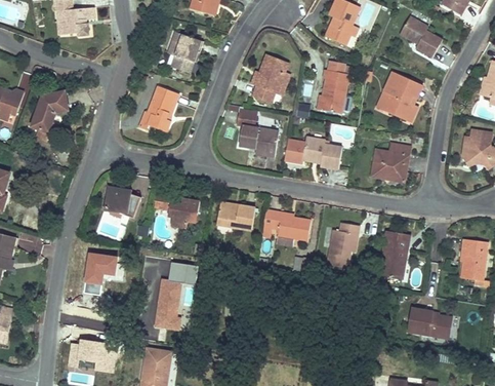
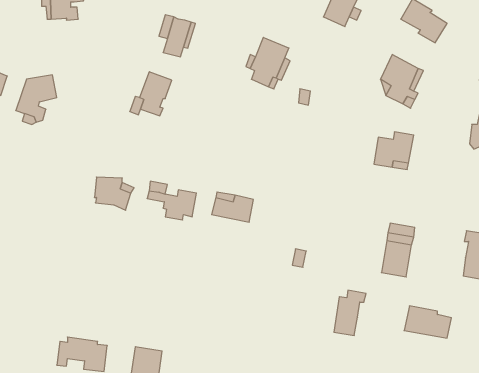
building: [318,61,354,114] -> none
building: [238,110,278,155] -> none
building: [281,137,340,167] -> none
building: [264,208,312,245] -> none
building: [331,223,362,266] -> [334,290,366,335]
building: [86,254,118,284] -> none
building: [156,263,199,331] -> none

